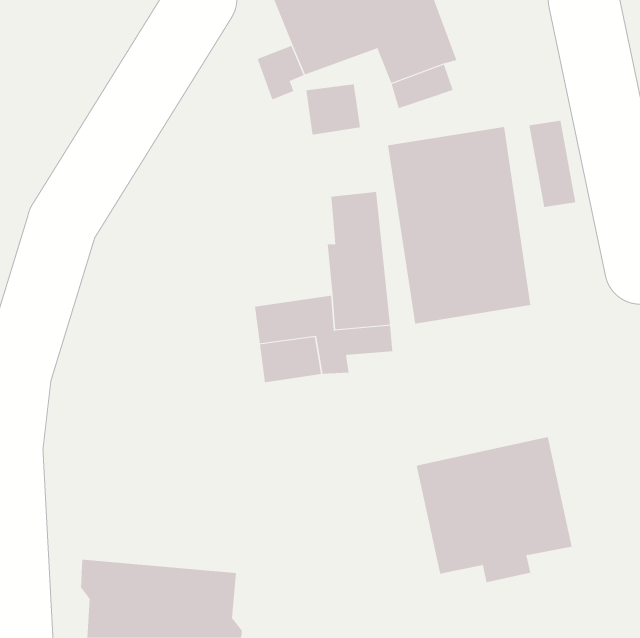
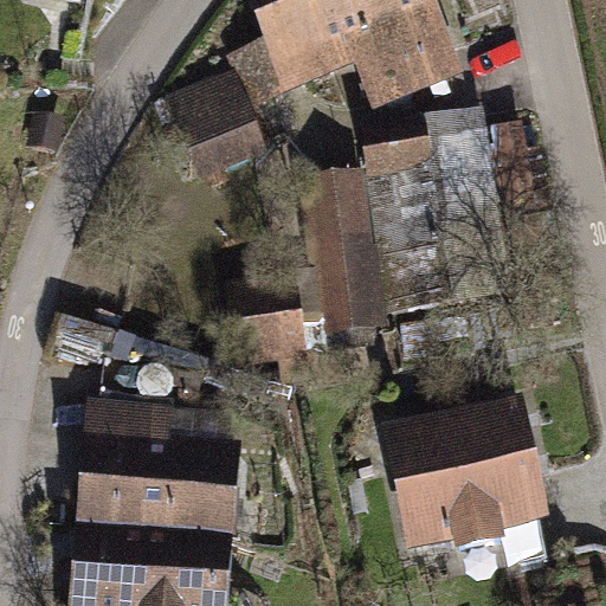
building: none -> [180,80,258,170]
building: none -> [77,411,241,542]

